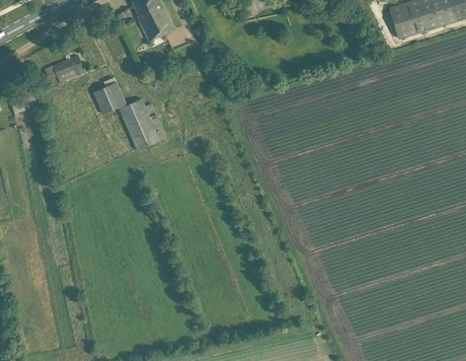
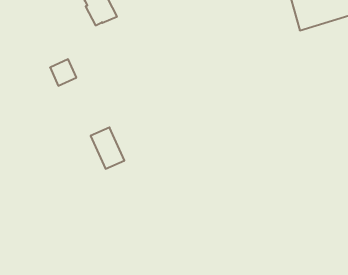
building: [53,55,84,81] -> none
building: [119,97,160,148] -> [91,127,124,169]

